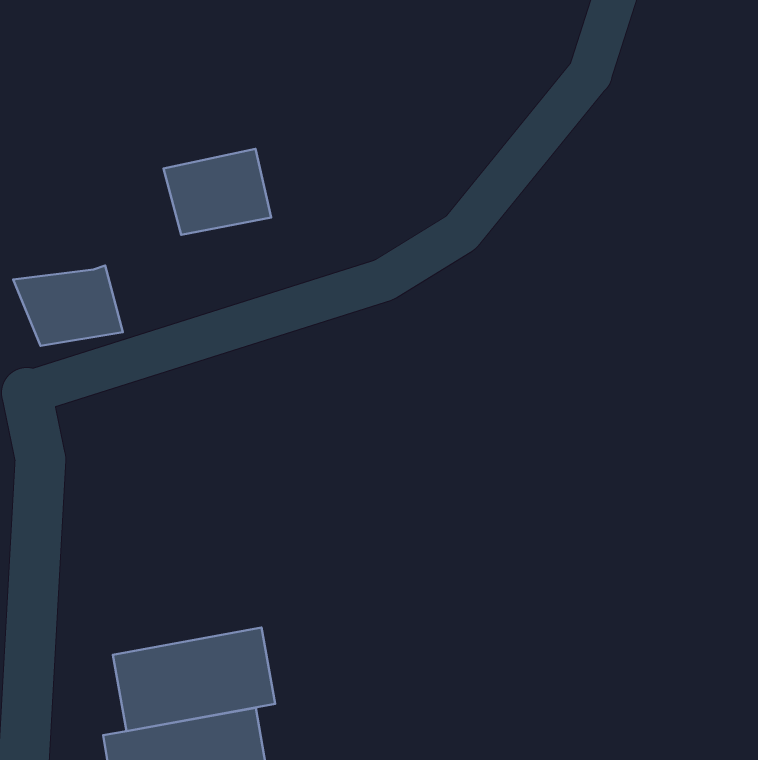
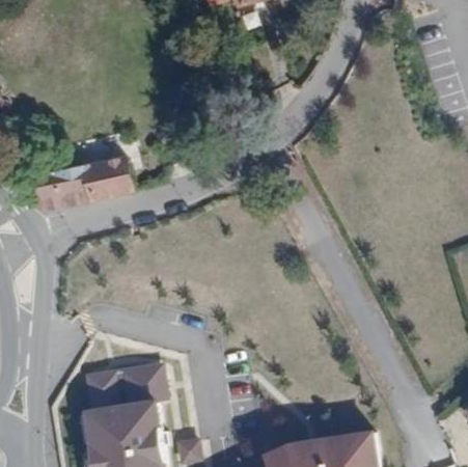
building: [164,149,271,235] -> [78,158,135,203]

